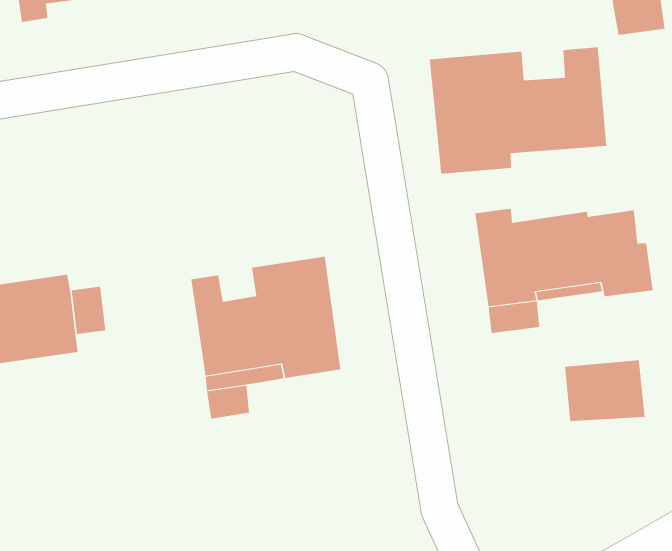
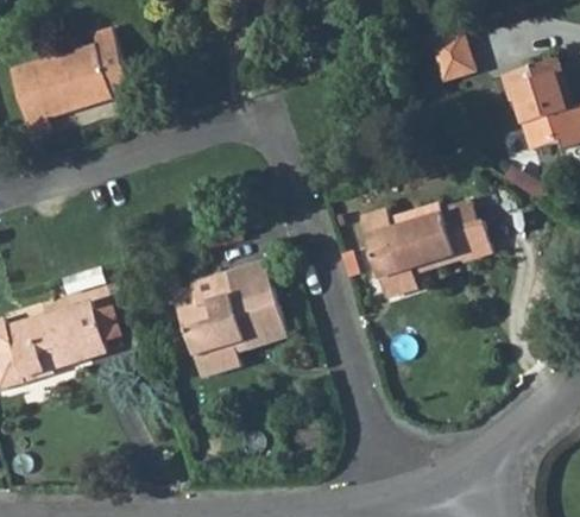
building: [429,47,607,175] -> none
building: [565,360,645,422] -> none

